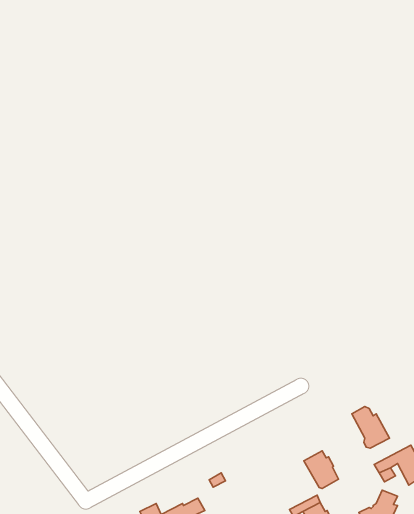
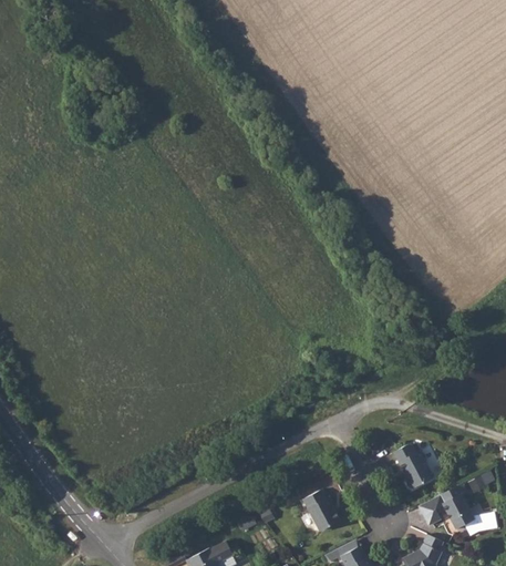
building: [304,451,339,488] -> [302,490,340,531]

